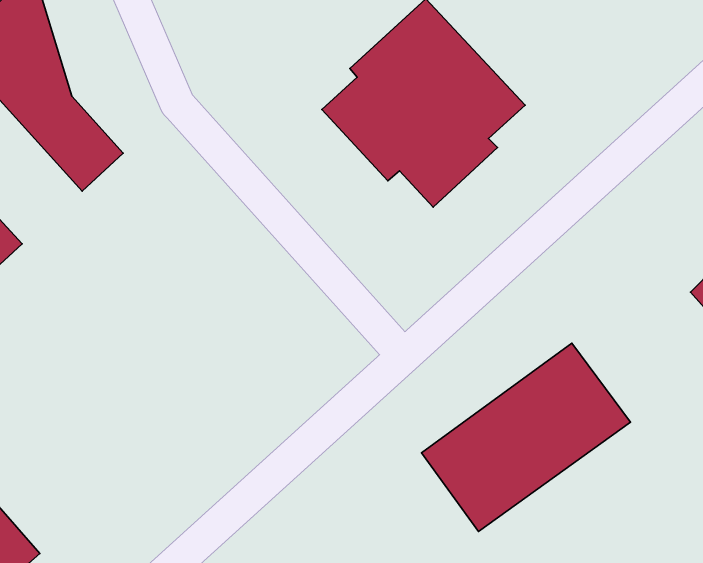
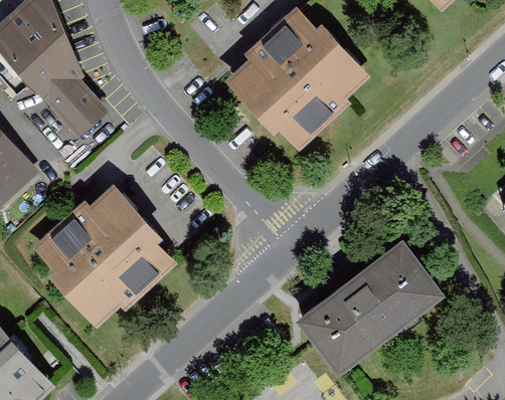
building: none -> [28,186,163,322]

